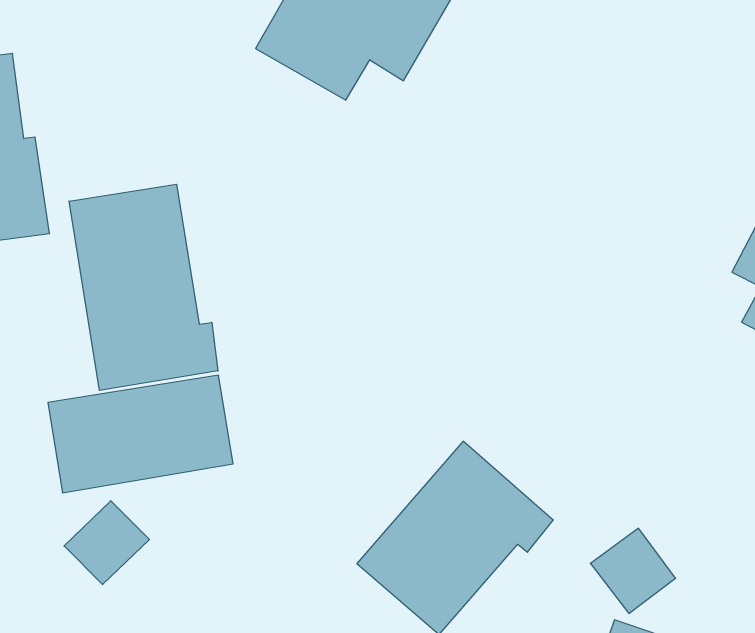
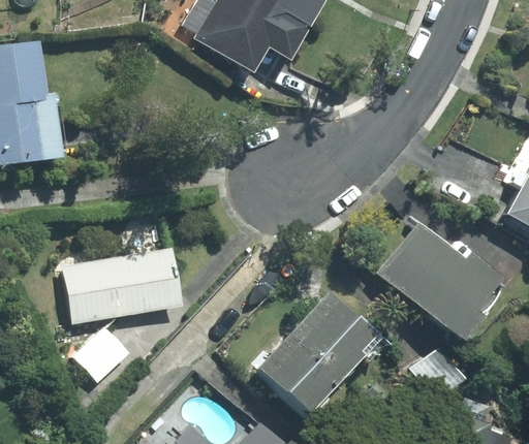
building: [69,184,218,390] -> none
building: none -> [378,223,504,340]

